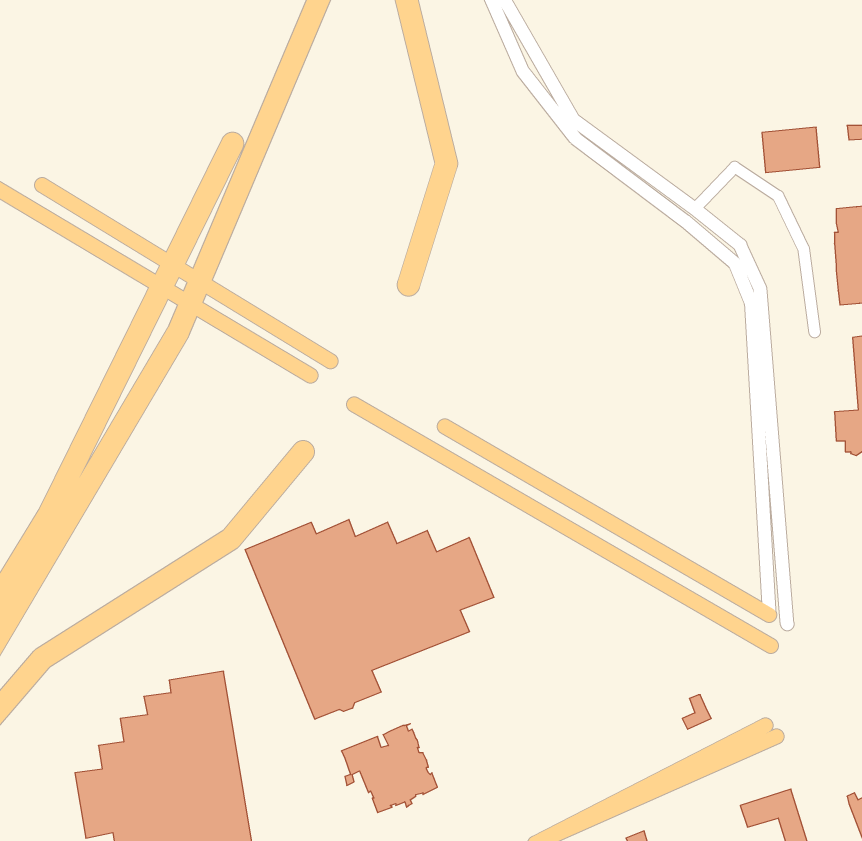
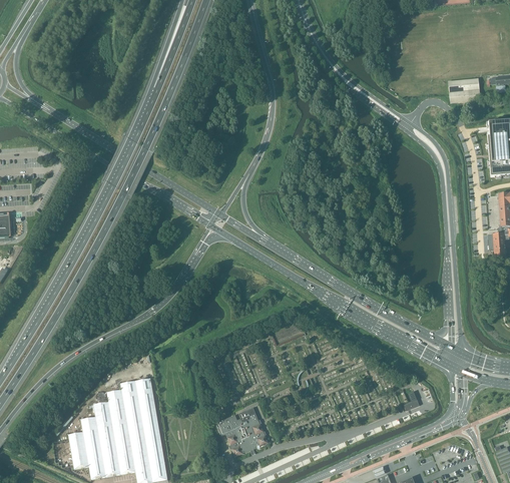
building: [245,519,494,719] -> none

